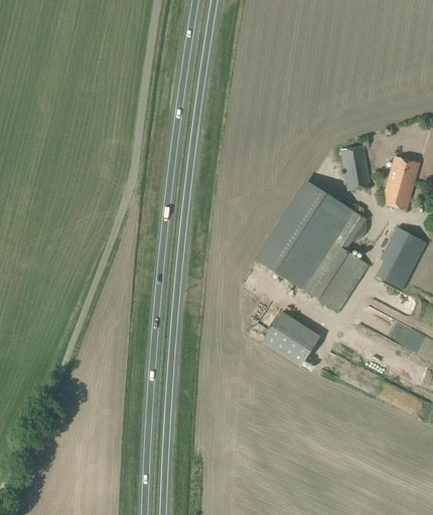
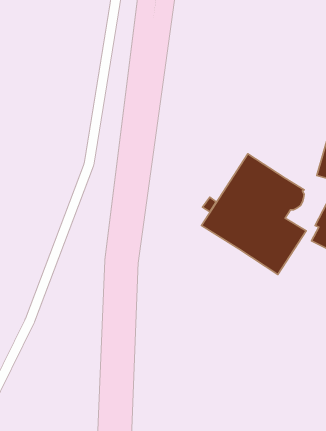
building: [340,146,372,191] -> none
building: [263,311,319,364] -> none

